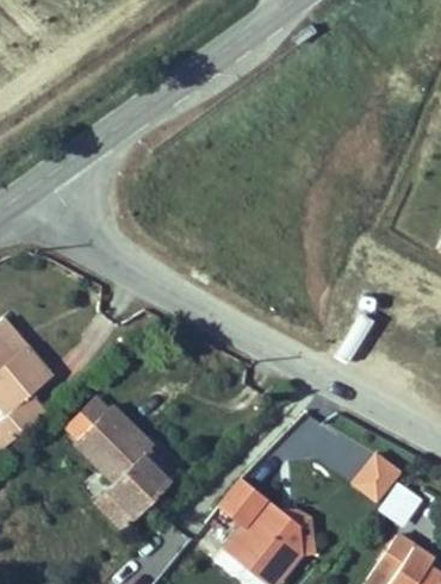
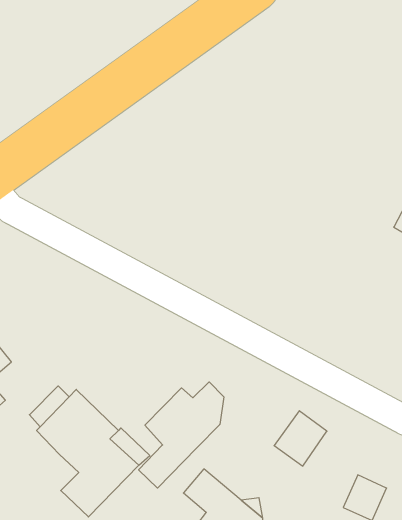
building: none -> [139,382,224,488]
building: [349,454,402,509] -> [274,411,327,466]

